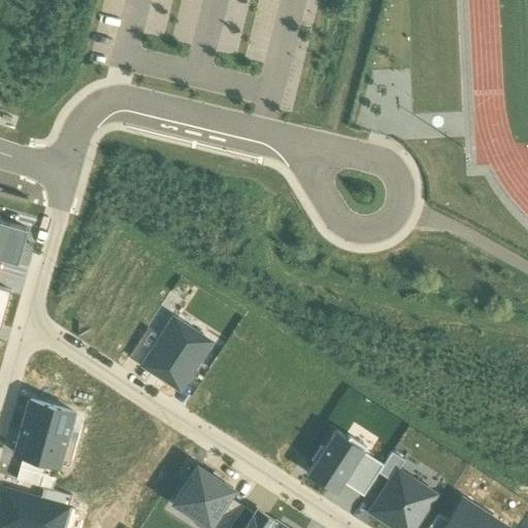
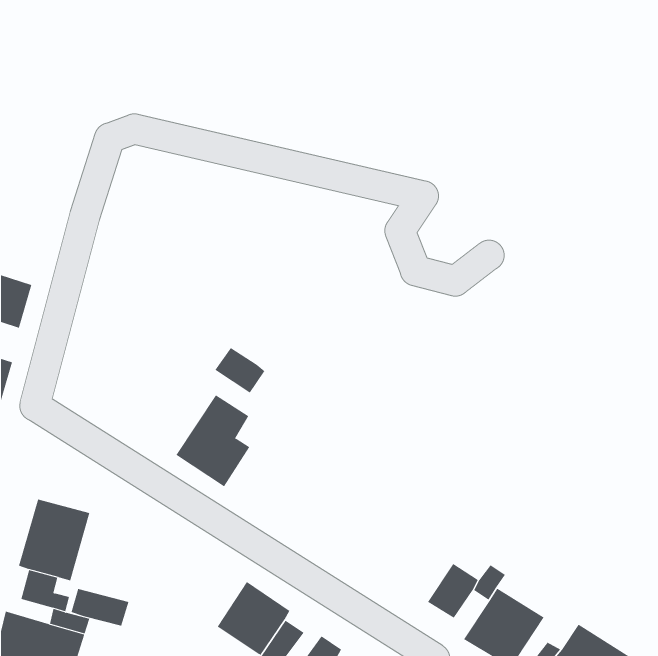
building: none -> [214,347,265,394]
building: [308,431,366,493] -> none
building: none -> [71,588,129,626]

